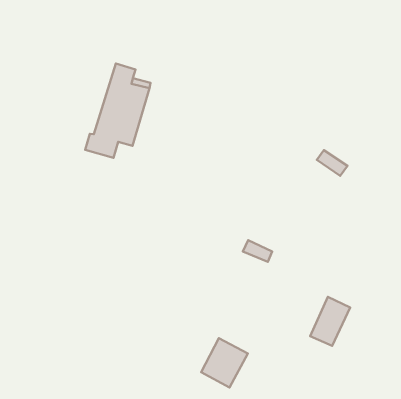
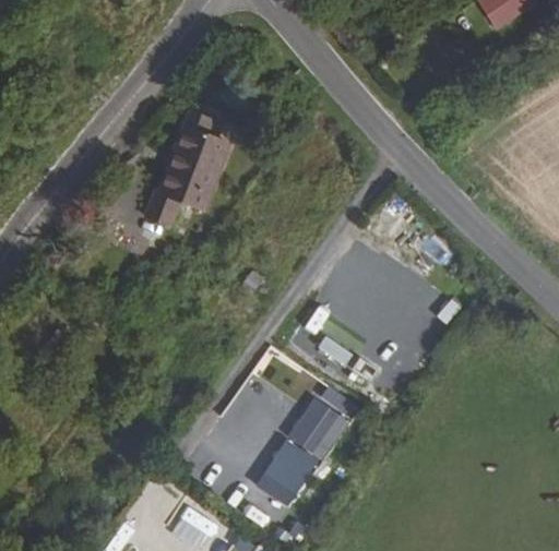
building: [310,297,350,346] -> [300,402,352,460]

